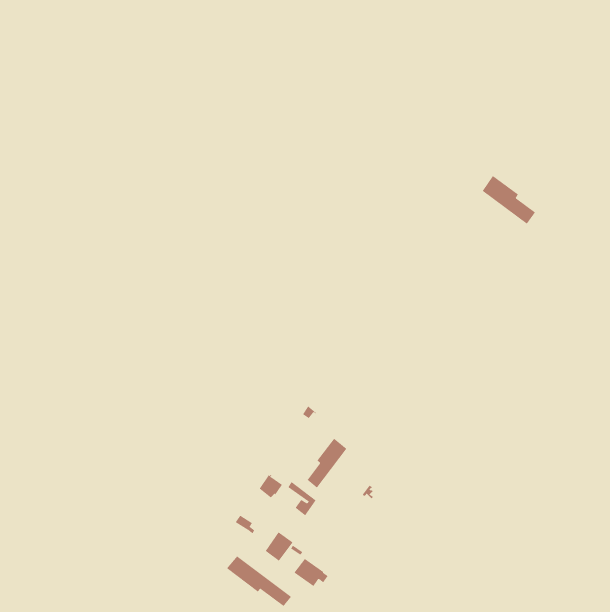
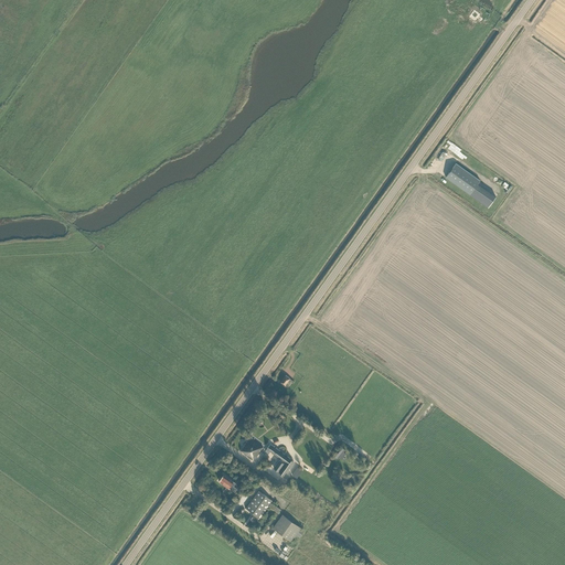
building: [307,438,347,488] -> none
building: [226,555,292,607] -> none

